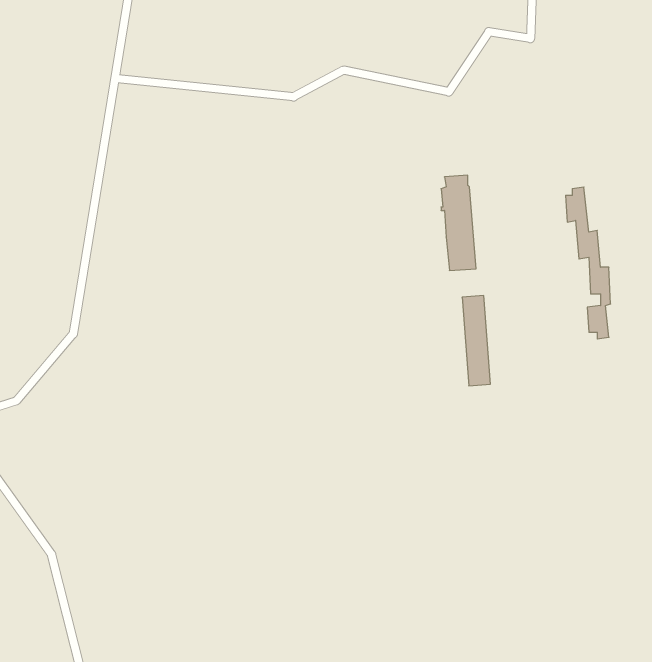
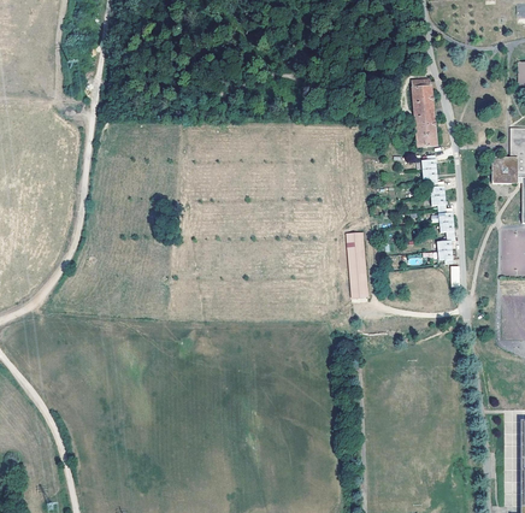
building: [441,175,476,270] -> [412,78,437,147]

